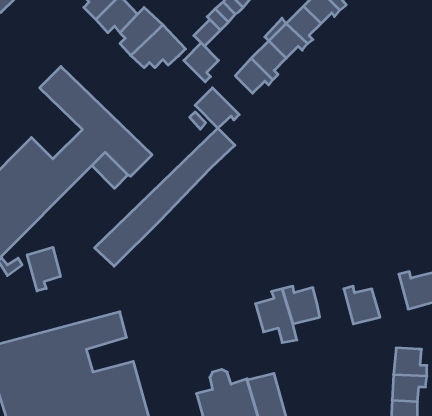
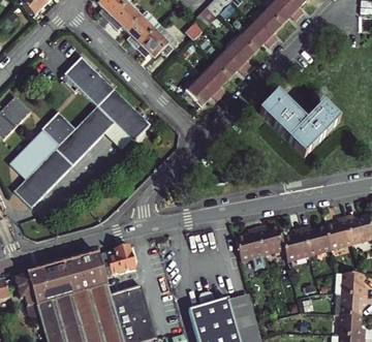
building: [184,43,219,82] -> [204,63,230,93]
building: none -> [261,94,341,156]
building: [95,128,235,266] -> none
building: [27,247,60,291] -> none
building: none -> [322,216,350,249]
building: none -> [280,227,308,260]

